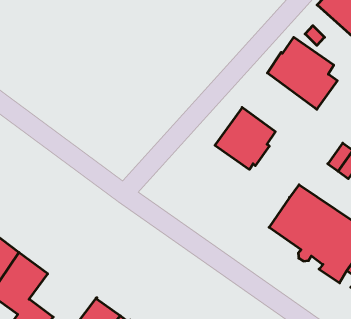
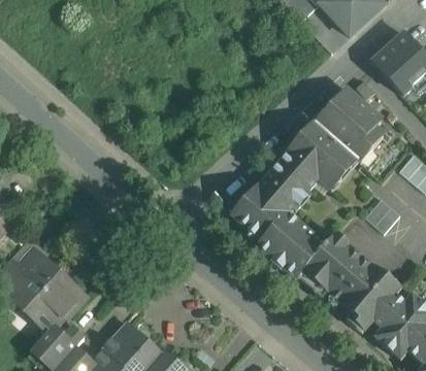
building: none -> [286,121,357,191]
building: none -> [230,186,324,279]

